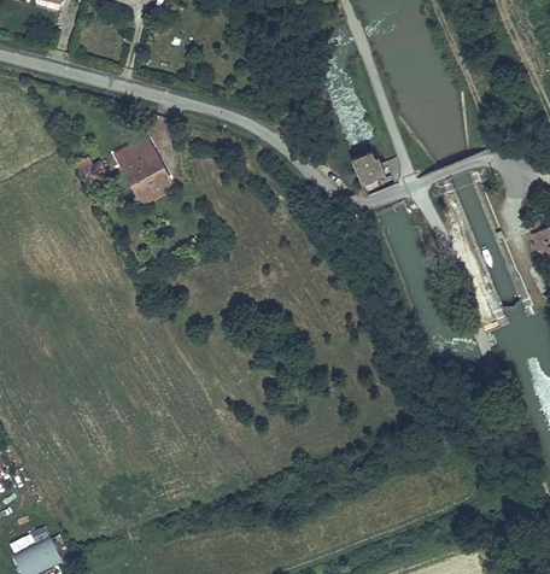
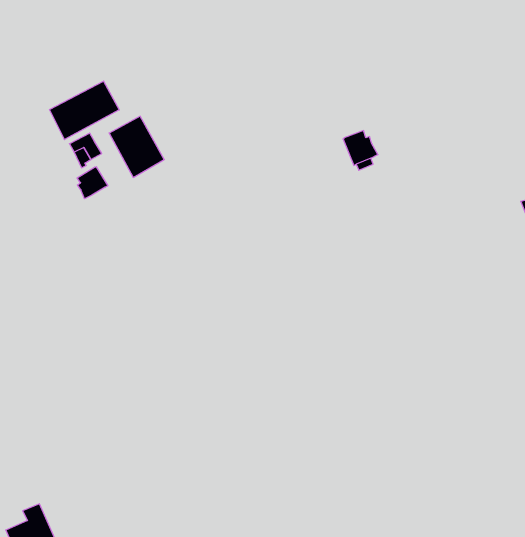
building: none -> [50,81,119,140]
building: none -> [77,167,108,199]

